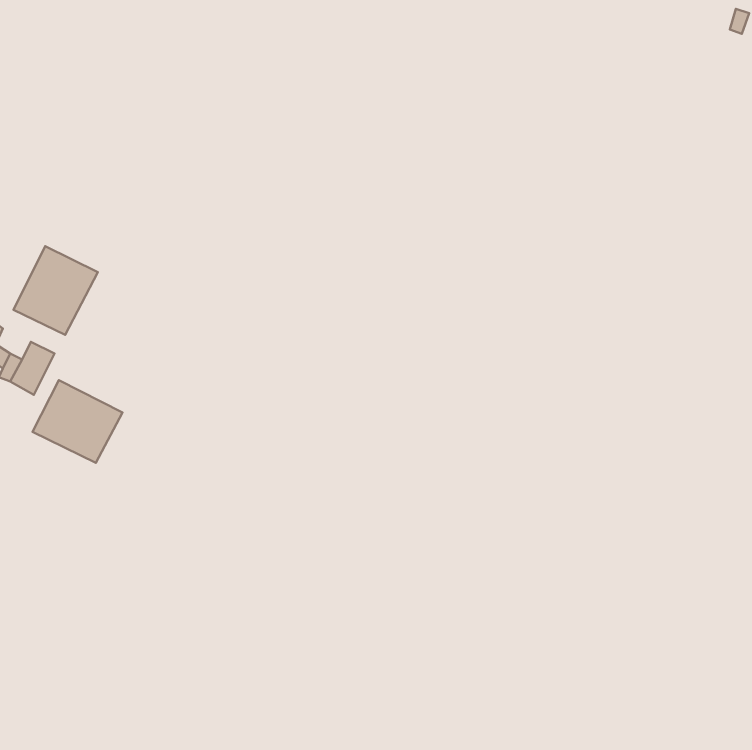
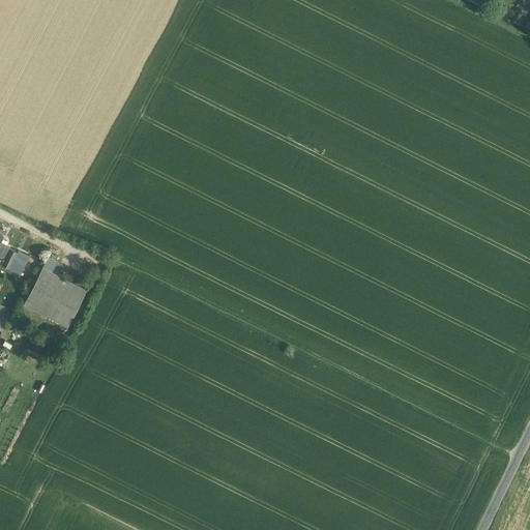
building: [13,246,98,335] -> none

